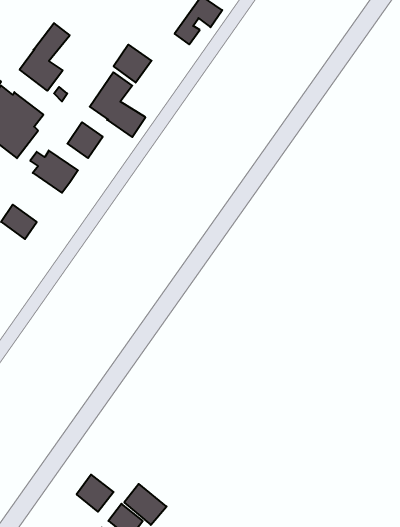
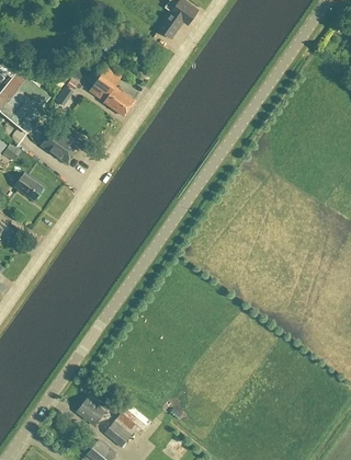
building: [20,23,70,91] -> none
building: [114,45,152,83] -> none
building: [67,122,103,158] -> none

